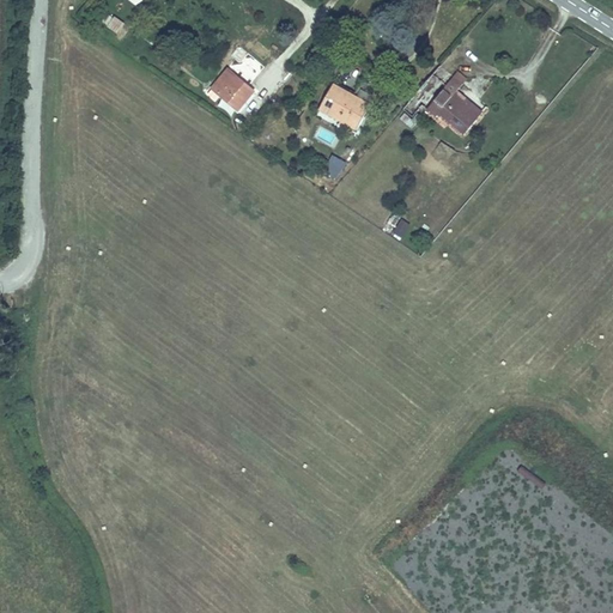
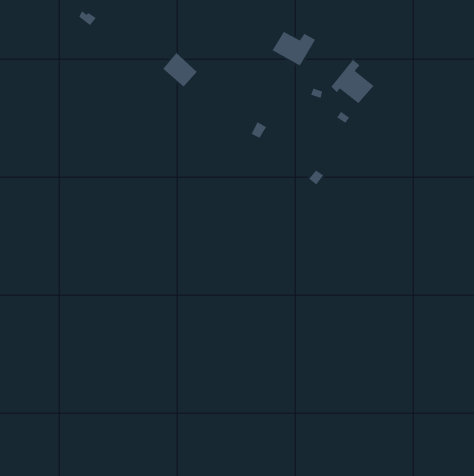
building: [317,84,375,129] -> [271,31,316,66]

